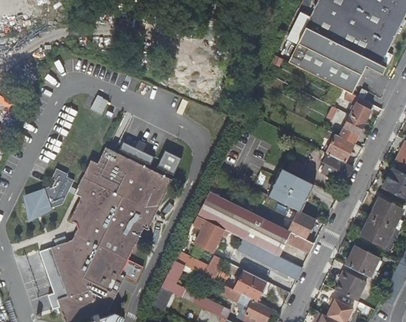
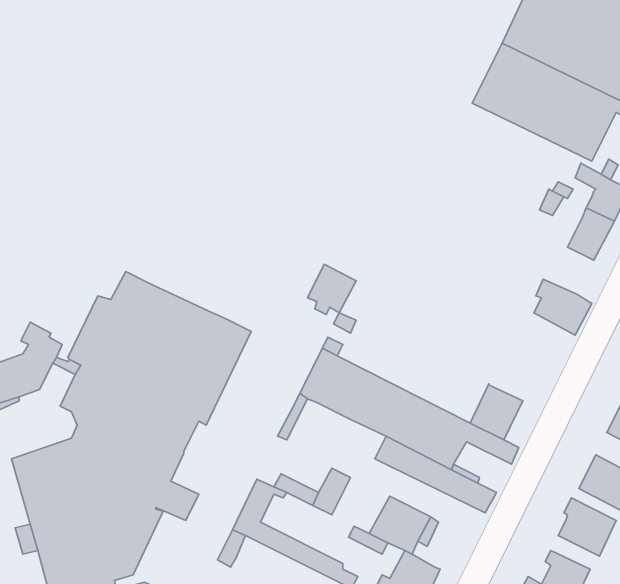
building: [327,134,354,161] -> none
building: [116,142,154,170] -> none
building: [155,151,181,178] -> [307,264,356,315]
building: [269,168,312,210] -> none
building: [195,219,224,251] -> none

